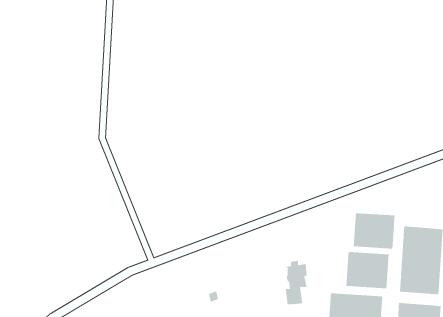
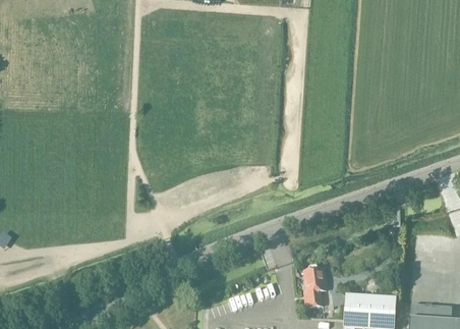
building: [353,212,395,250] -> none
building: [346,251,389,289] -> none

